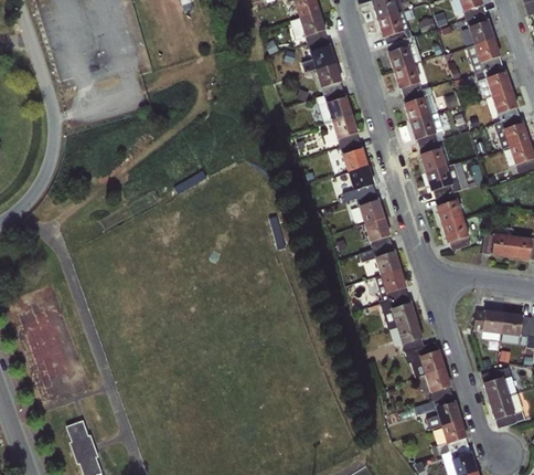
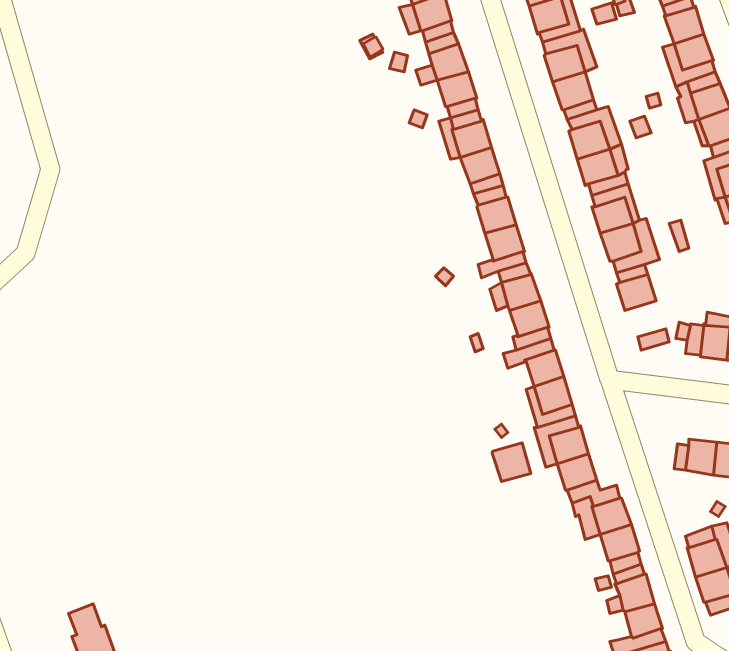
building: [441,218,469,243] -> none
building: none -> [492,443,531,481]

